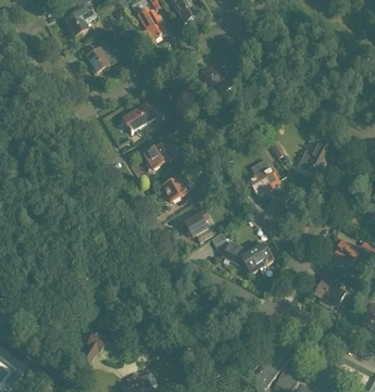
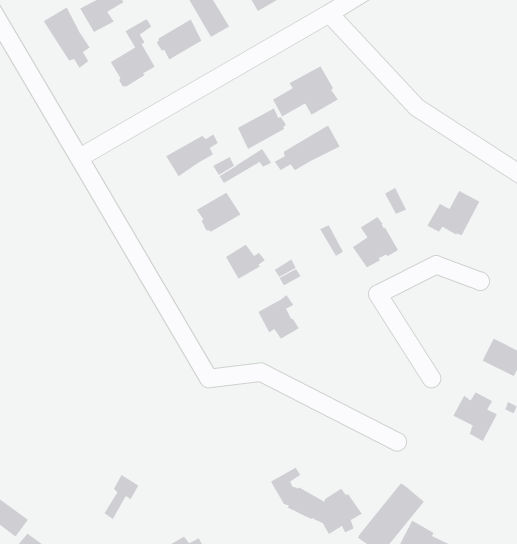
building: none -> [43,7,90,69]
building: none -> [156,19,202,60]
building: none -> [237,107,286,150]
building: none -> [274,124,341,171]
building: [211,228,273,274] -> [270,467,363,535]

